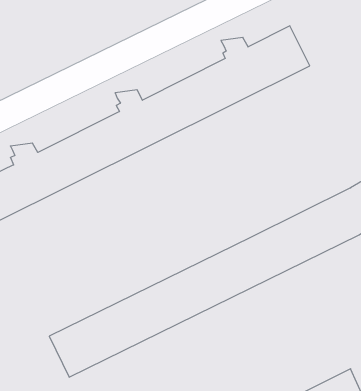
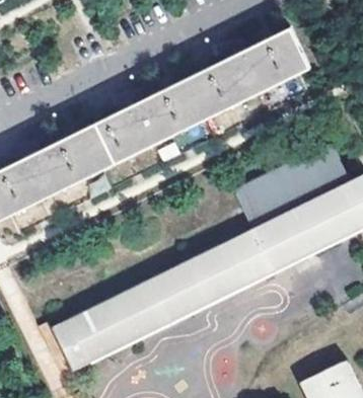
building: none -> [231,144,347,232]

